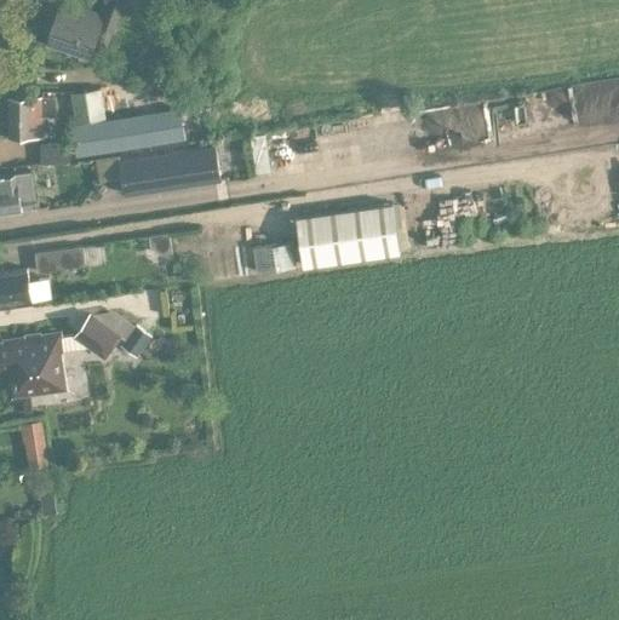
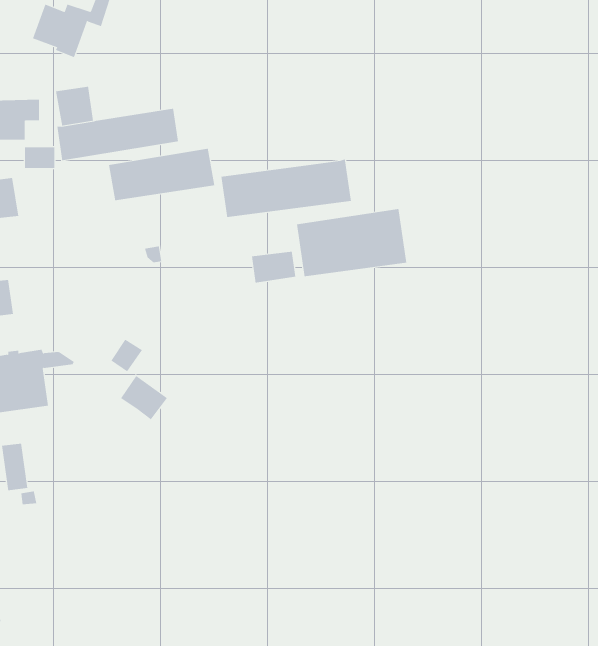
building: none -> [221,158,352,218]
building: [33,248,84,274] -> none
building: [73,316,118,358] -> [120,375,168,420]

